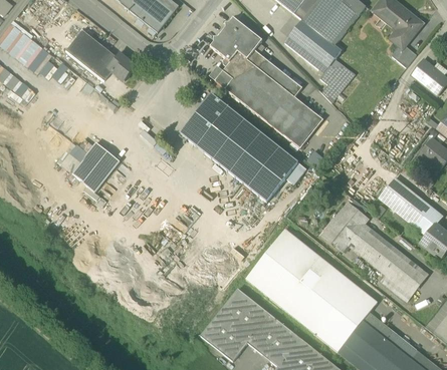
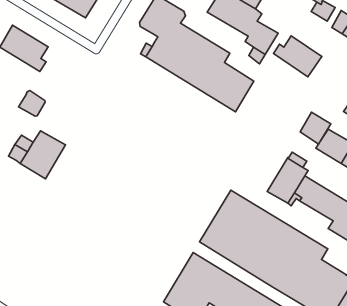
building: [106,53,135,80] -> [18,91,45,116]
building: none -> [274,36,322,77]
building: [181,93,306,202] -> none
building: none -> [300,112,331,144]

